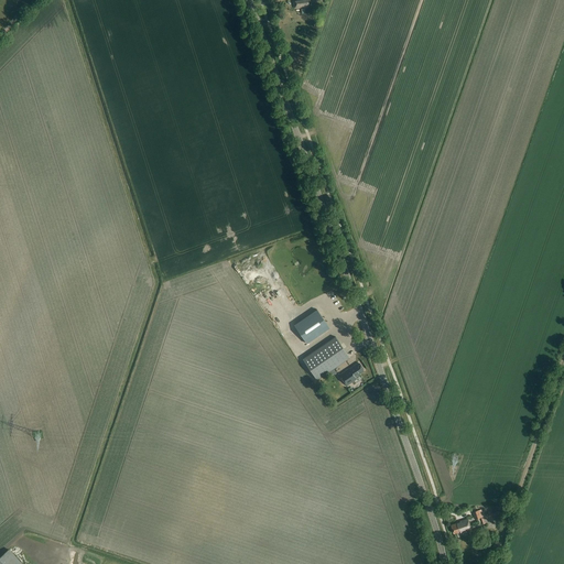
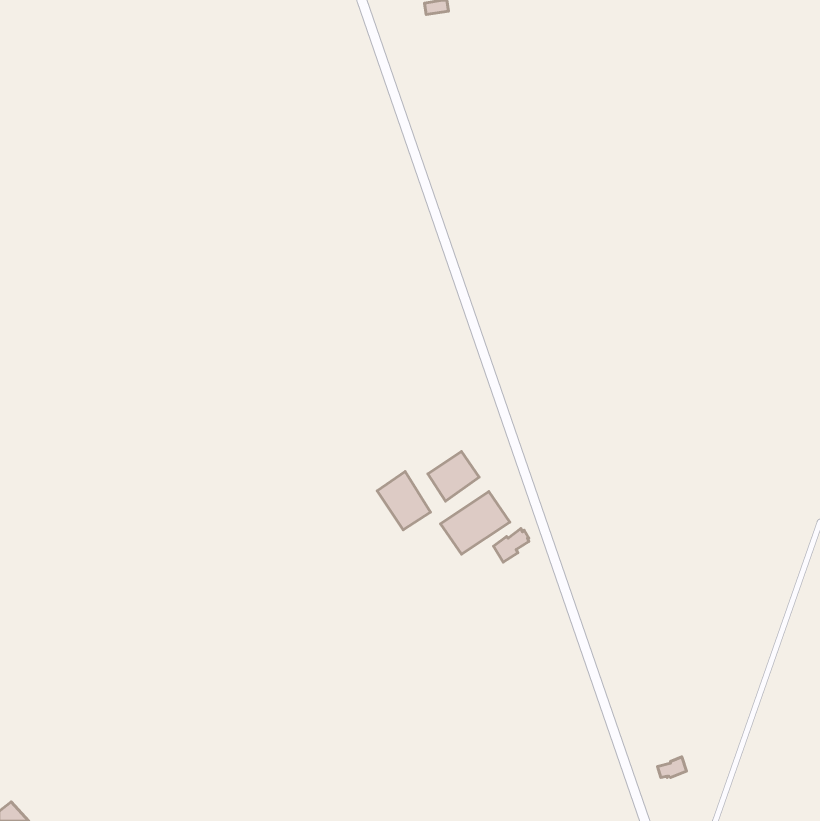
building: none -> [377,471,431,530]

